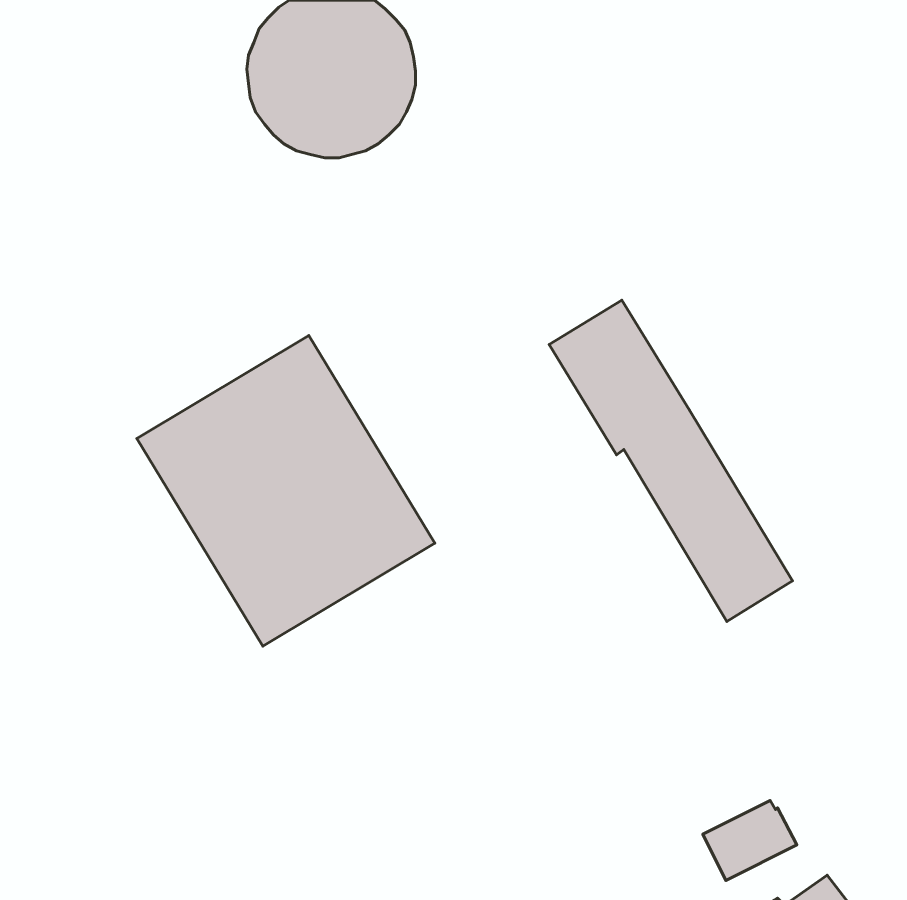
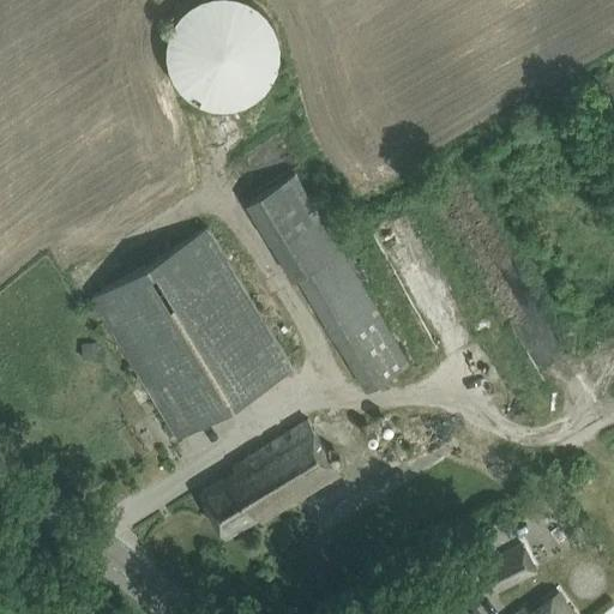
building: [549,300,792,622] -> [246,177,410,395]
building: none -> [201,425,341,538]

